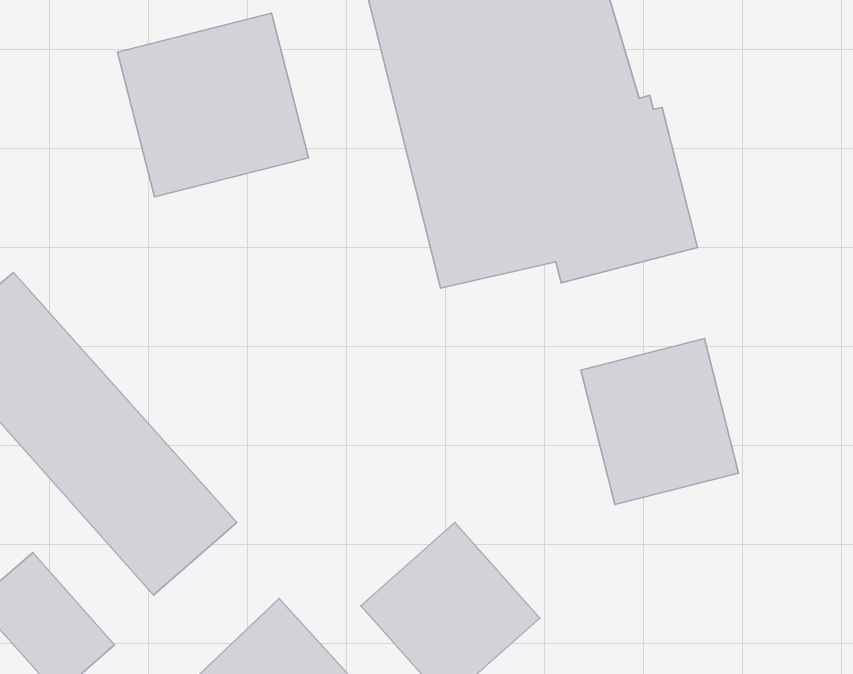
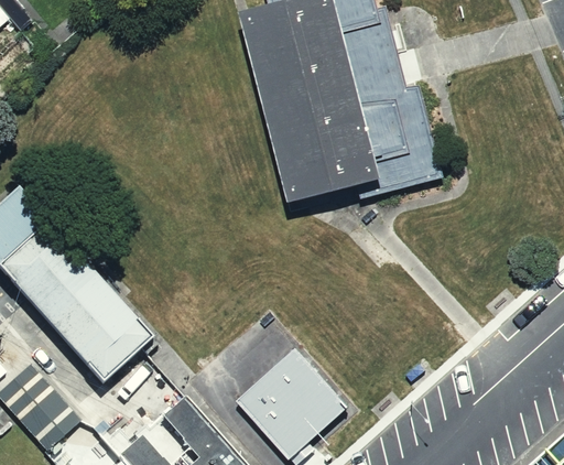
building: [118,13,308,197] -> none
building: [581,339,739,505] -> none

